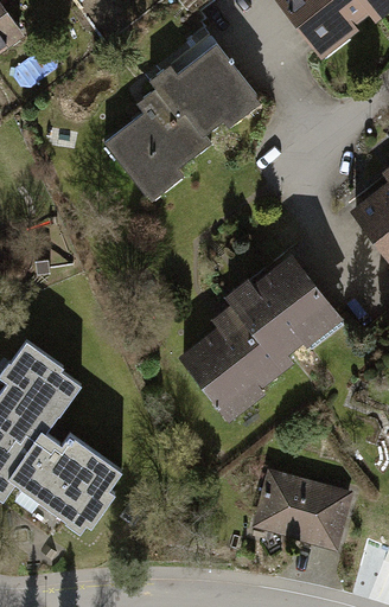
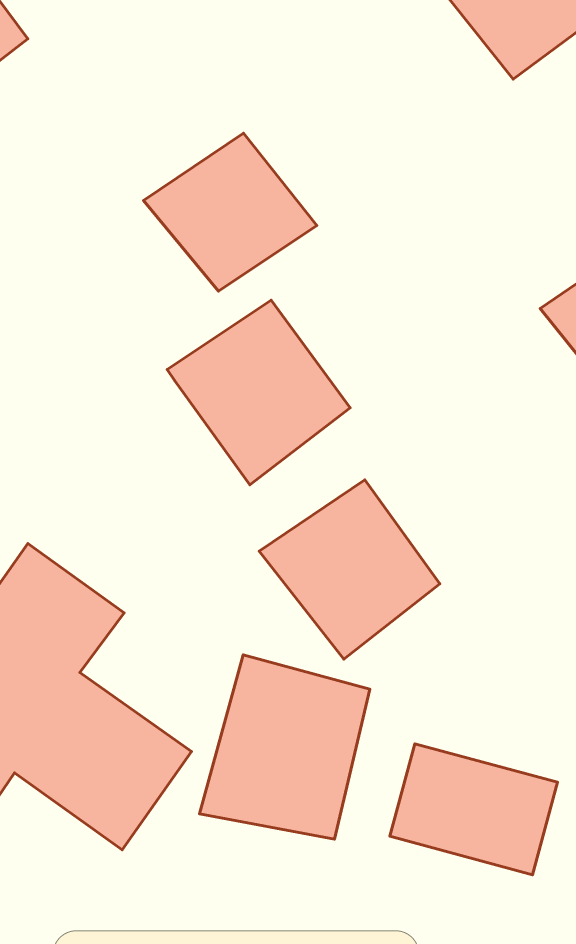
building: [154,44,262,148] -> none
building: [229,255,342,369] -> [167,300,350,485]
building: none -> [200,655,370,839]

